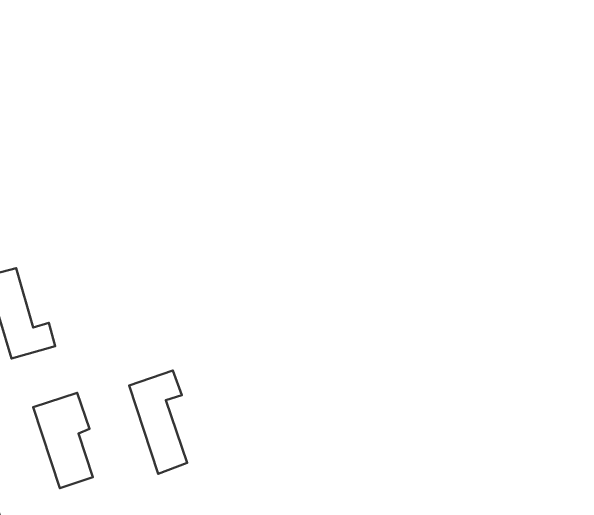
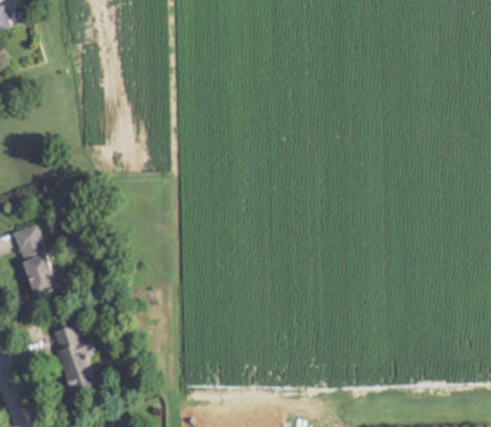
building: [129,371,187,474] -> none

